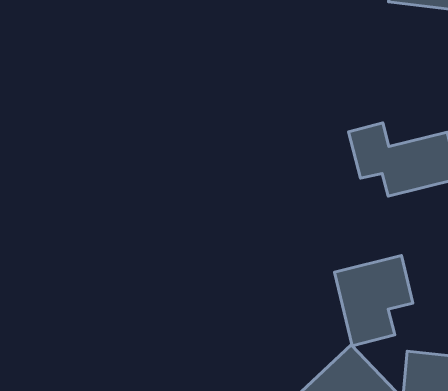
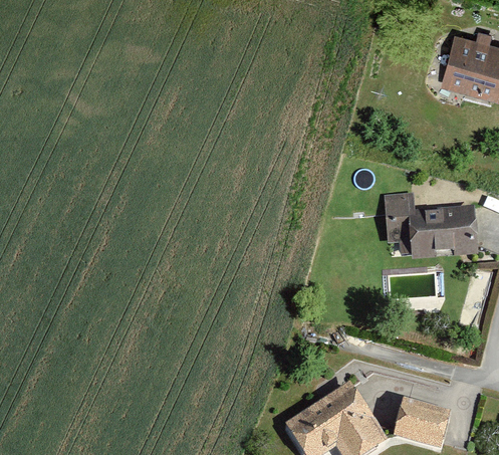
building: [335,256,413,346] -> none

